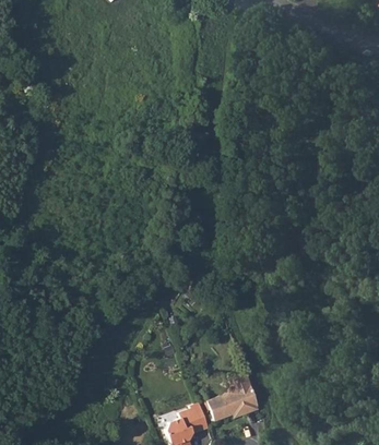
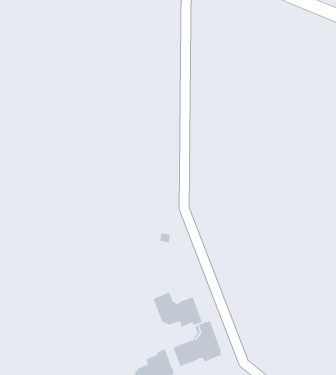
building: none -> [153,292,203,327]

